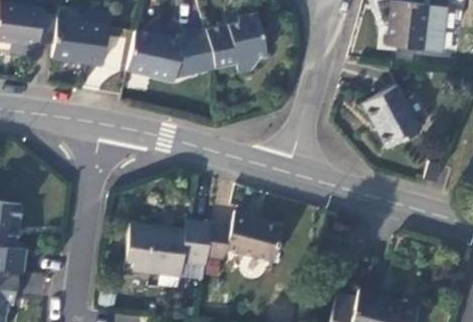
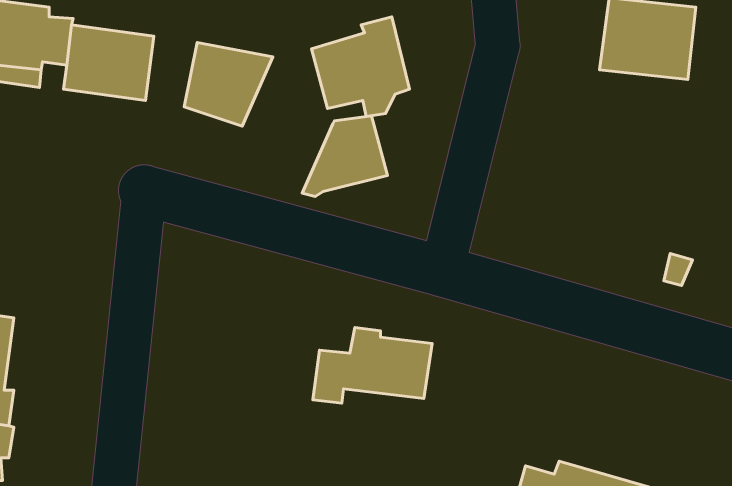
building: [163,34,216,84] -> [302,116,387,196]
building: [358,87,414,148] -> none
building: [124,218,211,274] -> none

